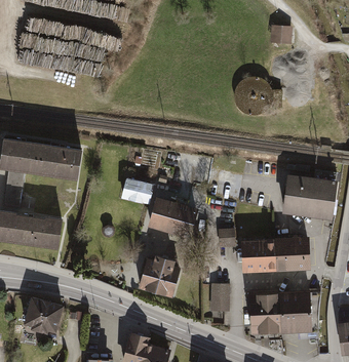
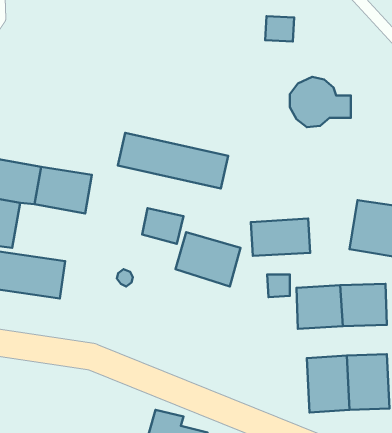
building: [270,27,293,46] -> [265,16,294,41]
building: none -> [118,133,228,188]
building: none -> [251,218,310,256]
building: [138,253,183,297] -> none
building: [211,285,229,313] -> none
building: [23,296,64,334] -> none

